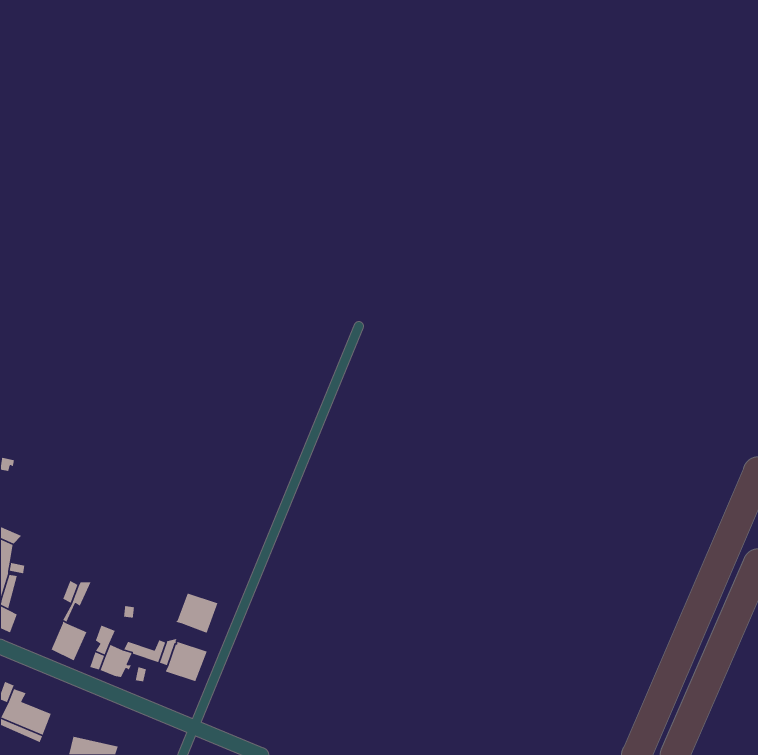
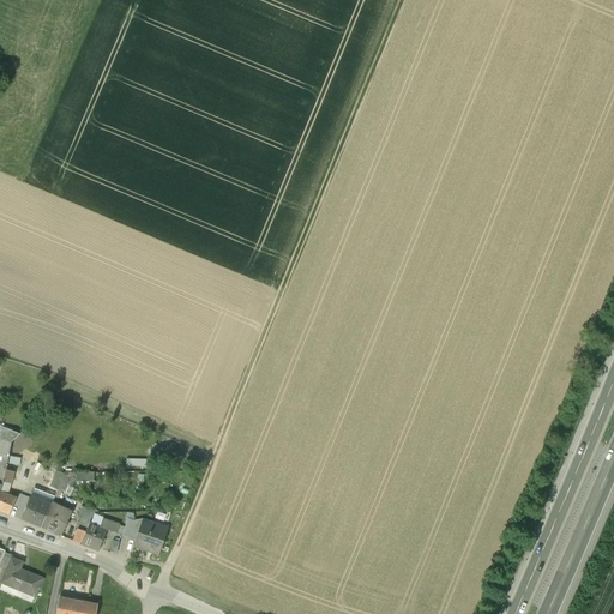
building: [175,592,219,634] -> none
building: none -> [22,495,50,525]

